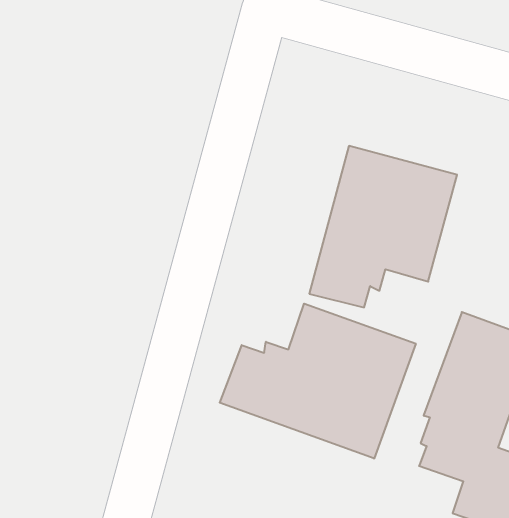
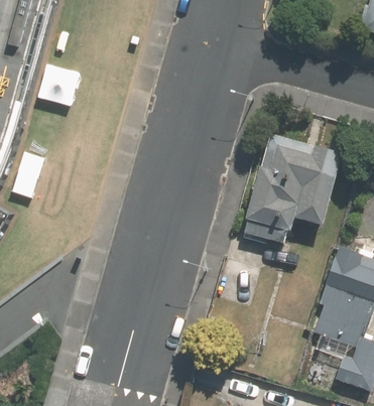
building: [220,304,416,459] -> none

